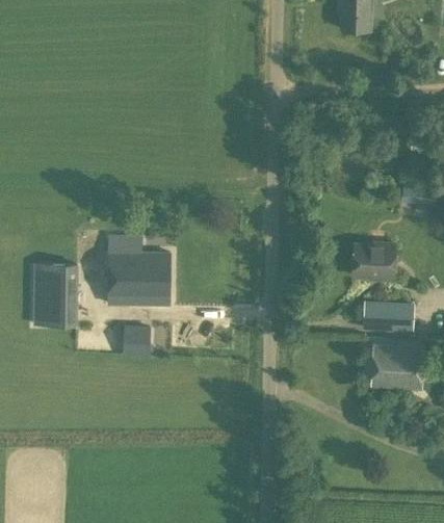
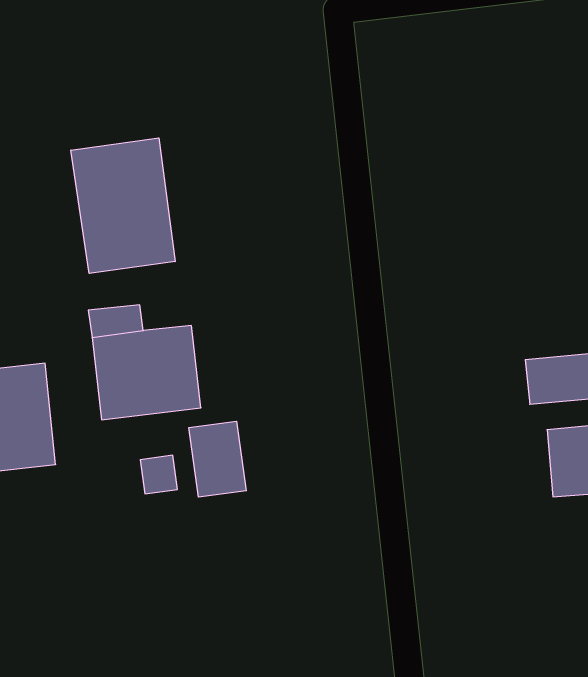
building: none -> [71,138,175,273]
building: [351,240,396,282] -> none
building: none -> [189,421,246,497]

